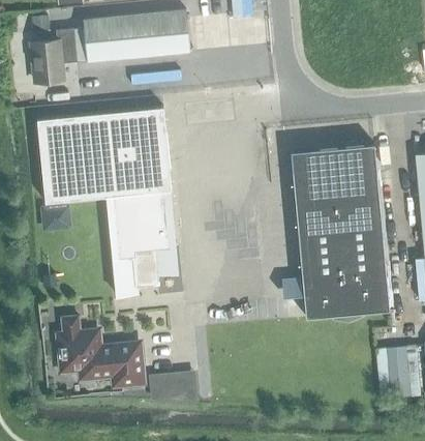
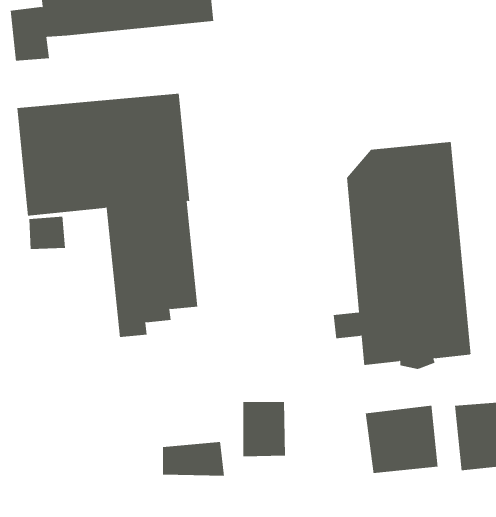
building: [57,315,142,384] -> none
building: none -> [243,401,285,457]
building: none -> [365,405,438,474]

